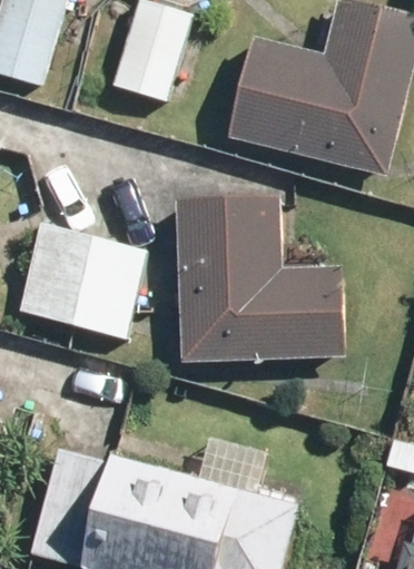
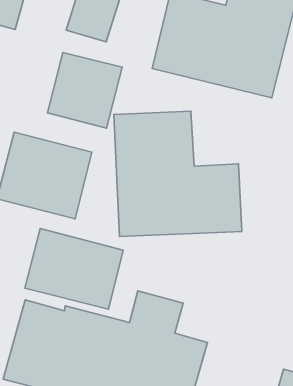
building: none -> [48,53,122,128]
building: none -> [25,229,123,309]

